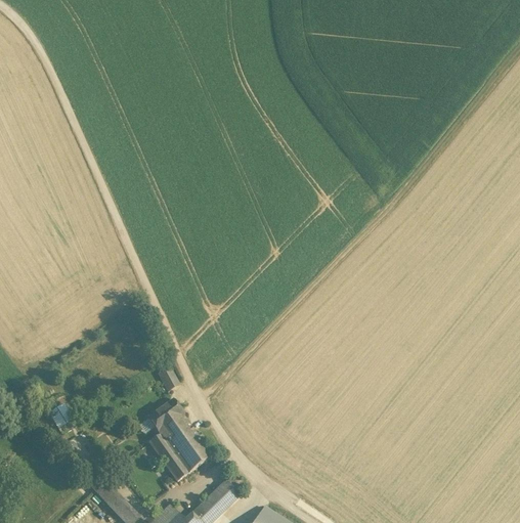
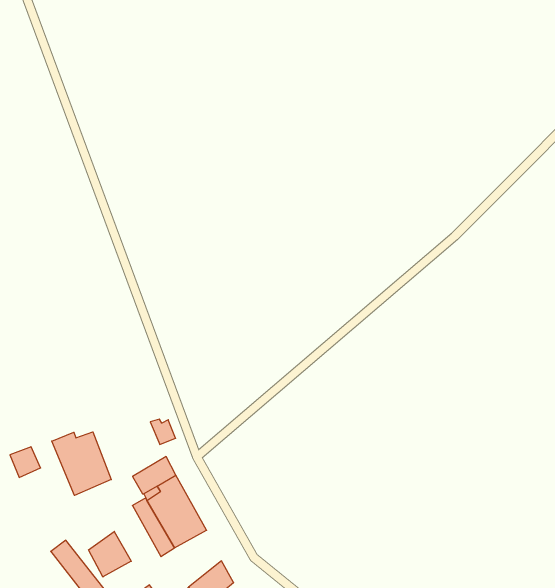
building: none -> [52,432,111,495]
building: none -> [89,531,131,577]

